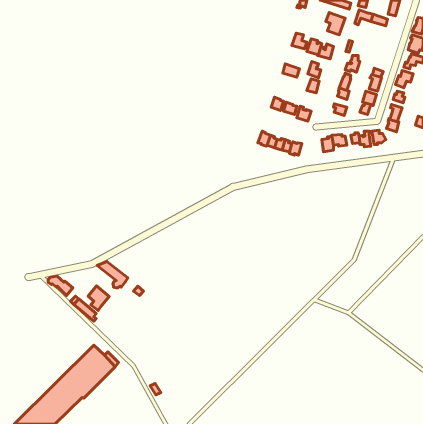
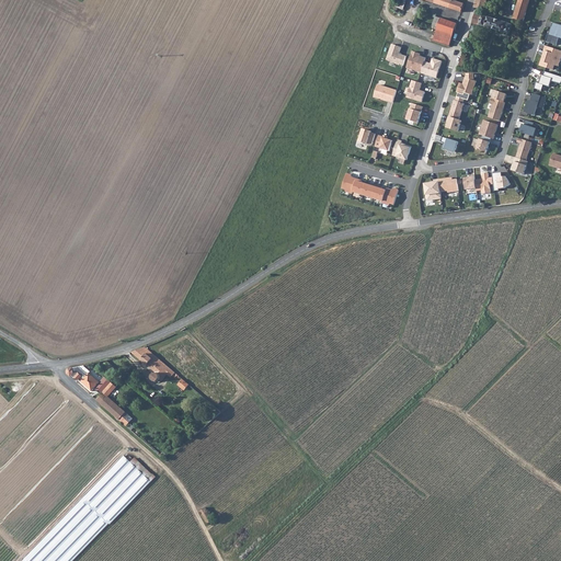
building: [88,286,109,310] -> none

